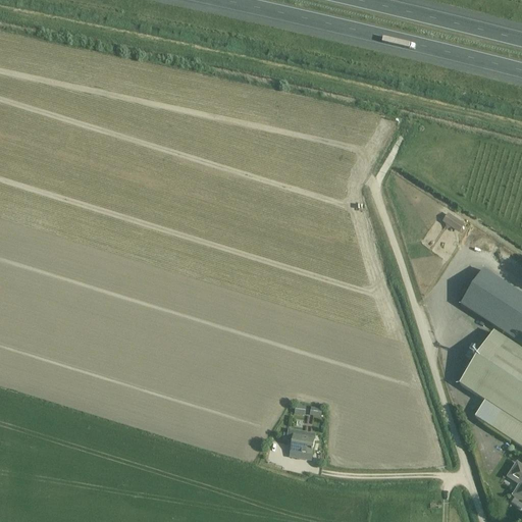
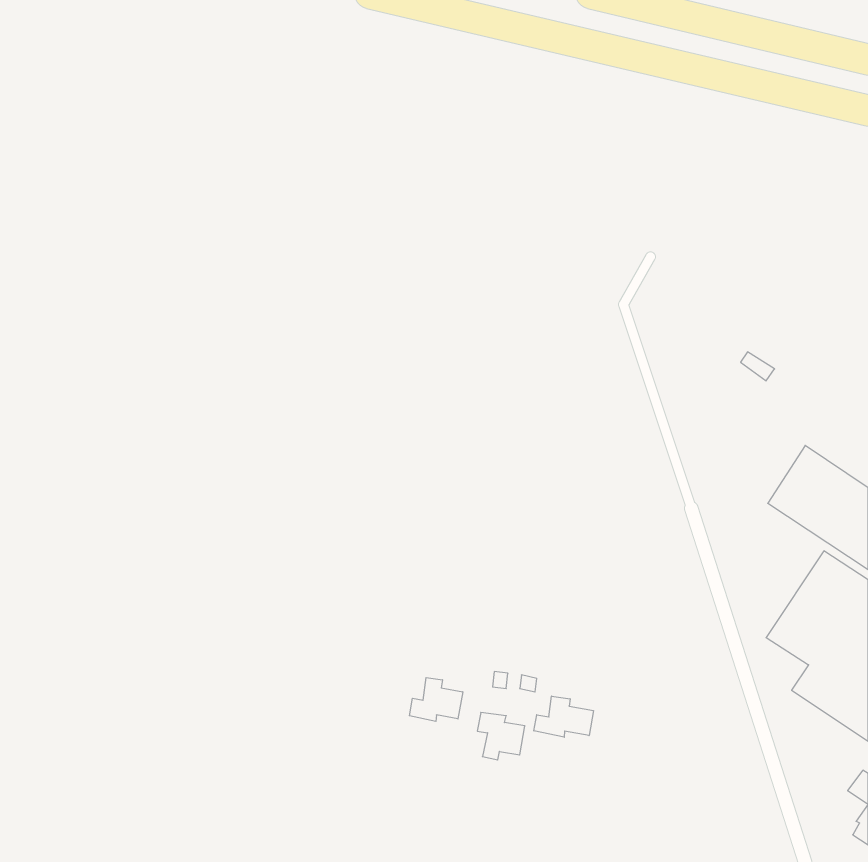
building: none -> [409,678,463,721]
building: none -> [534,696,593,737]

